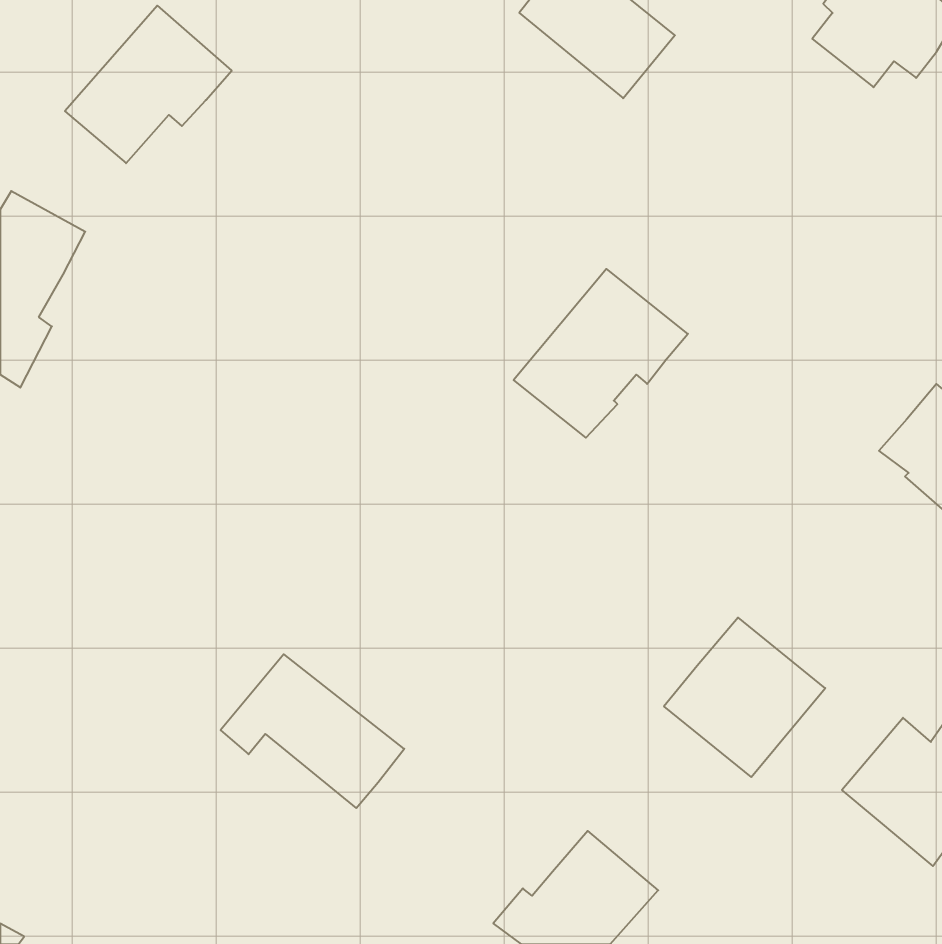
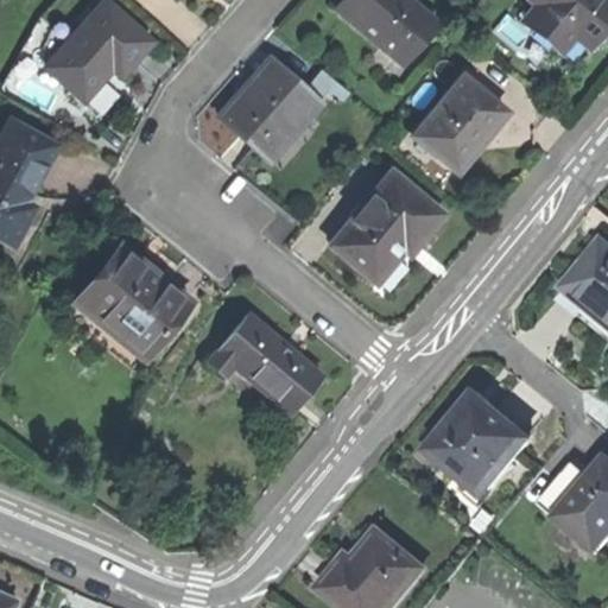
building: none -> [227,52,327,151]
building: none -> [413,77,505,172]
building: none -> [66,247,189,370]
building: [221,654,404,808] -> [207,315,324,413]

